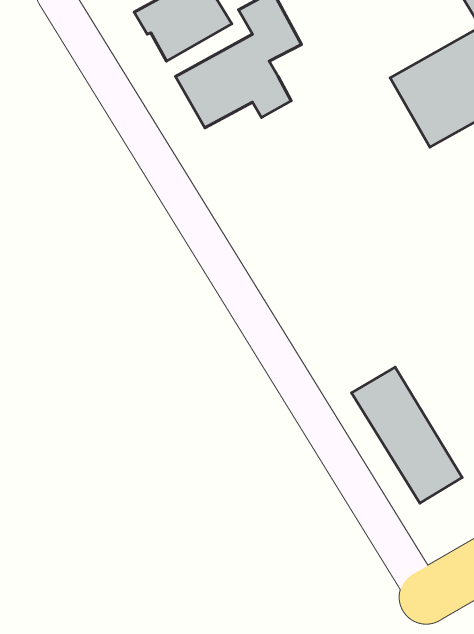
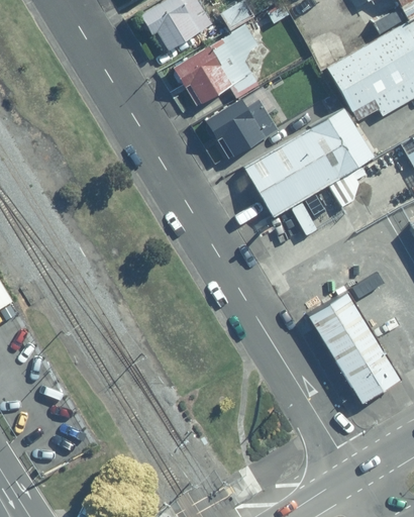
building: none -> [200,100,279,163]
building: none -> [250,108,377,215]

